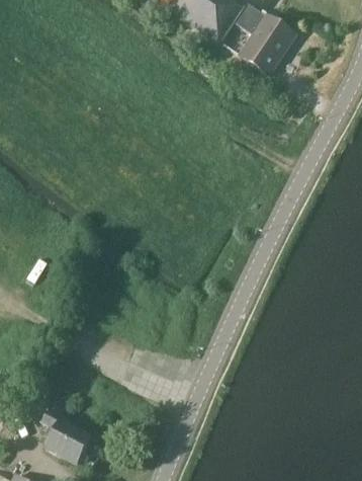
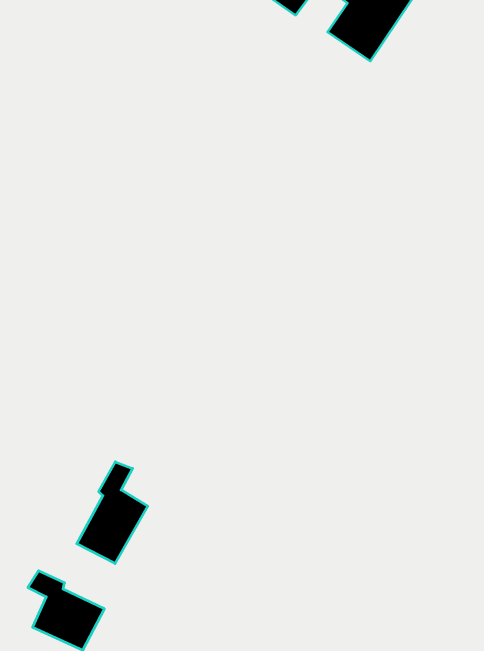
building: none -> [77,462,148,564]

